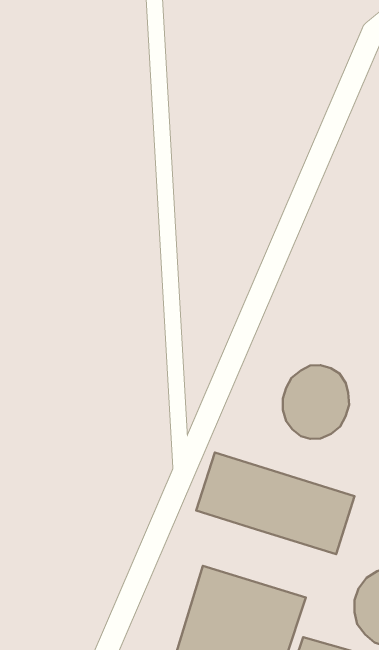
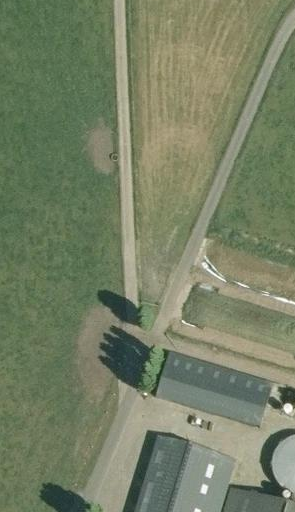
building: [283,365,349,439] -> none

